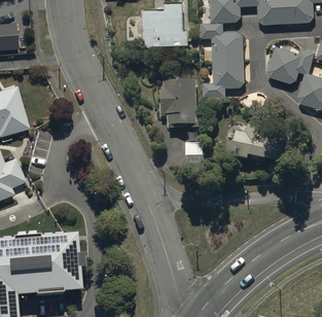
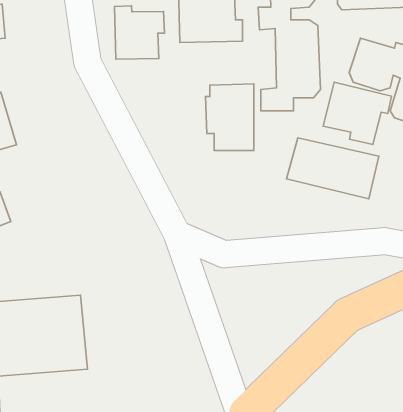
building: none -> [115,6,165,59]
building: none -> [323,82,392,144]

